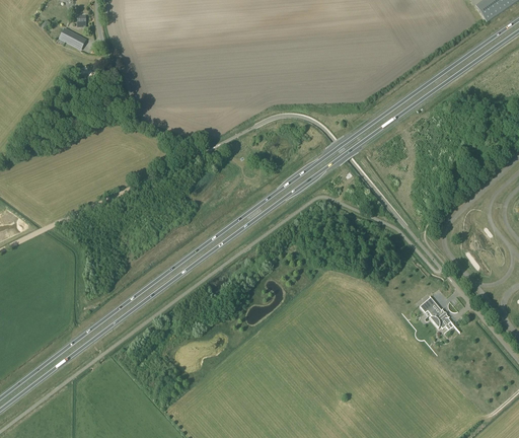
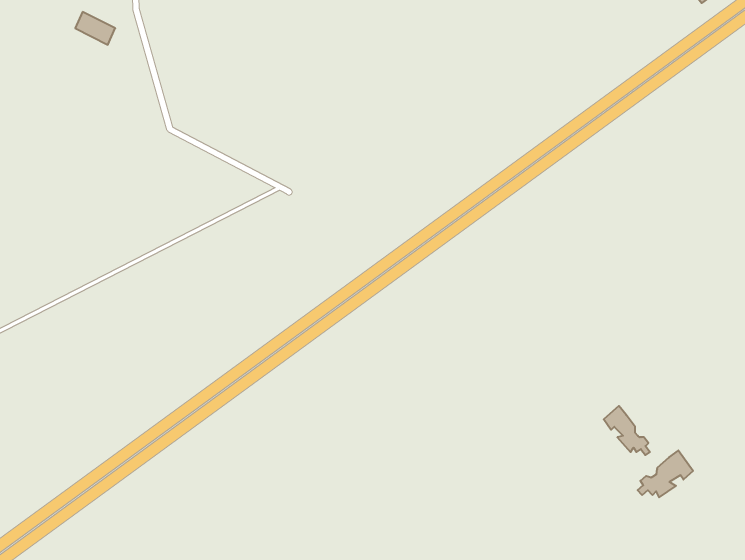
building: none -> [638,450,693,497]

